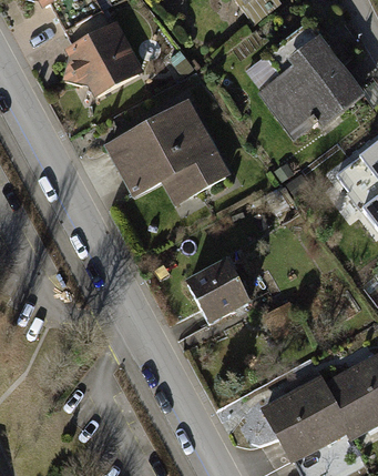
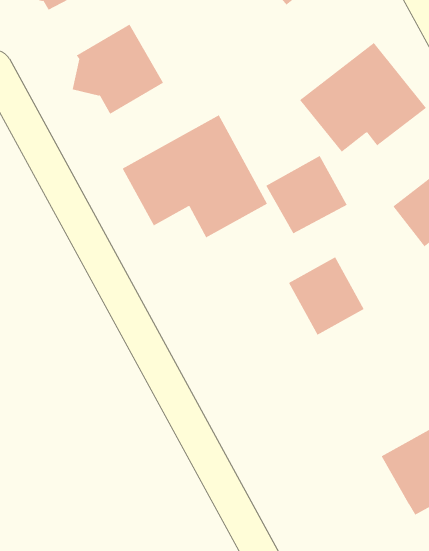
building: none -> [265,155,348,234]
building: [185,257,249,324] -> [288,257,364,335]
building: [262,378,347,460] -> none

